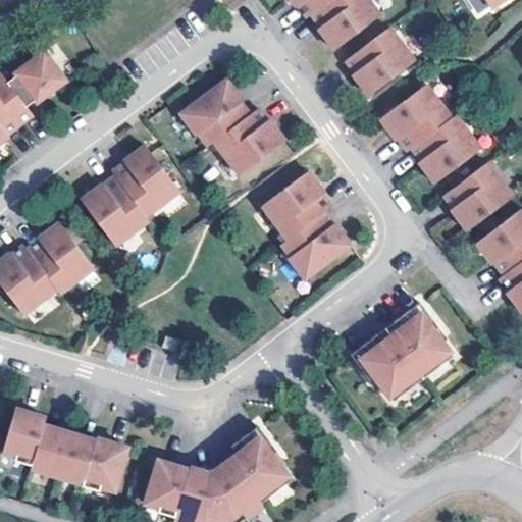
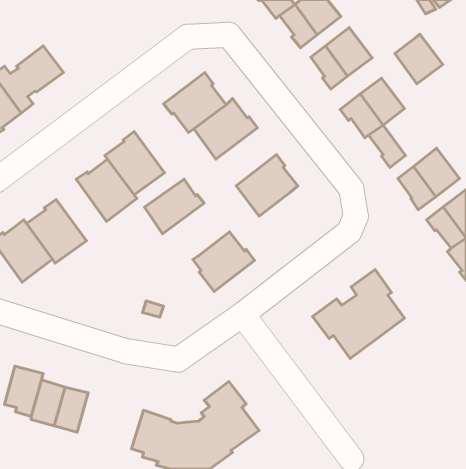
building: [425,117,478,172] -> [395,34,443,84]
building: none -> [144,179,204,234]
building: [281,213,350,279] -> [193,232,254,292]
building: [85,433,129,485] -> none

